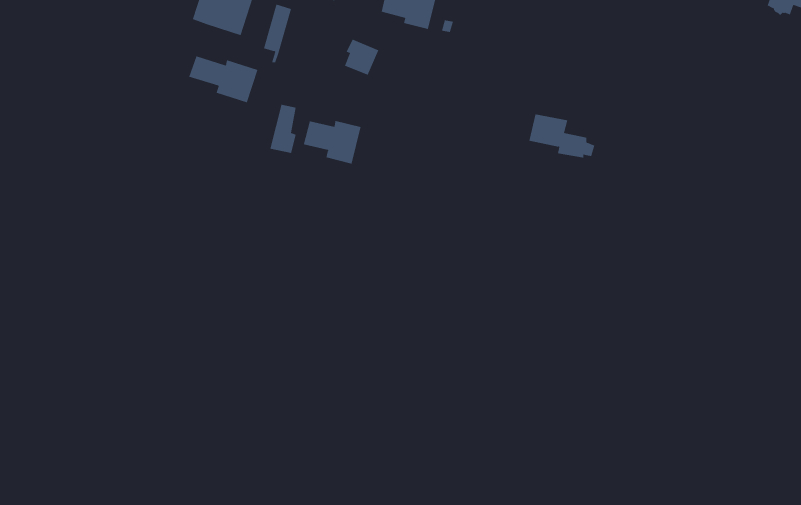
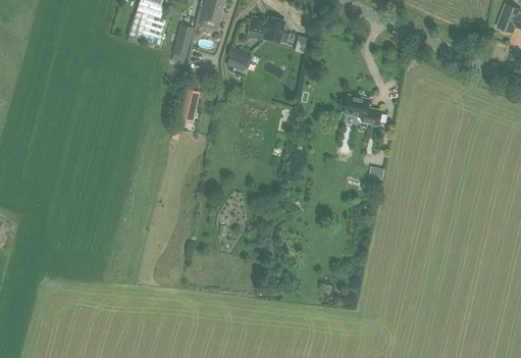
building: [189,56,258,103] -> none
building: [303,120,361,164] -> none

